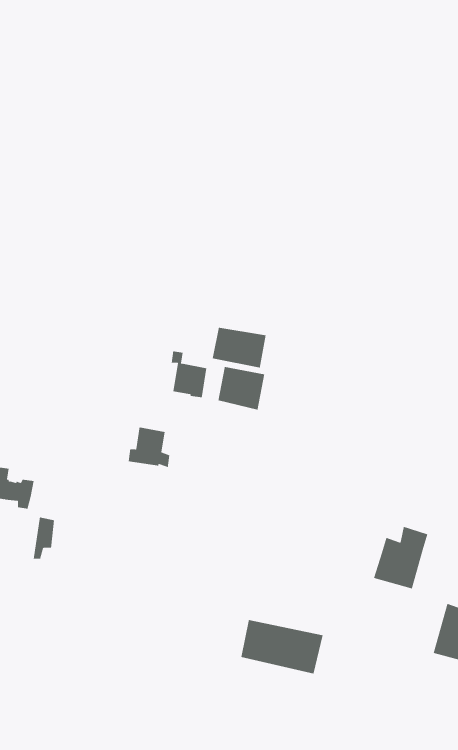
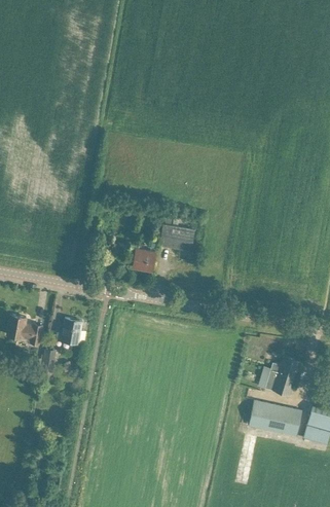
building: [218,366,265,410] -> none
building: [128,427,170,468] -> [57,318,84,345]
building: [240,619,324,674] -> [247,400,301,436]

